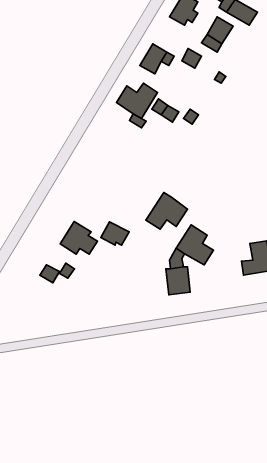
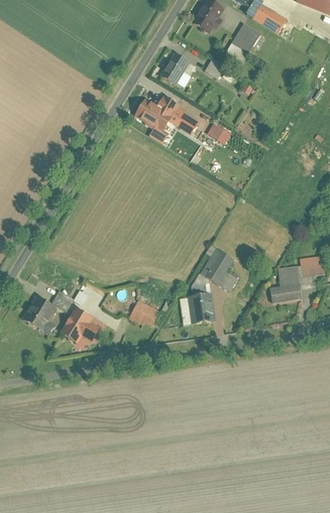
building: [146,193,187,229] -> none
building: [60,221,98,254] -> [60,307,100,343]
building: [101,222,129,245] -> [129,299,159,325]
building: none -> [21,295,57,335]

